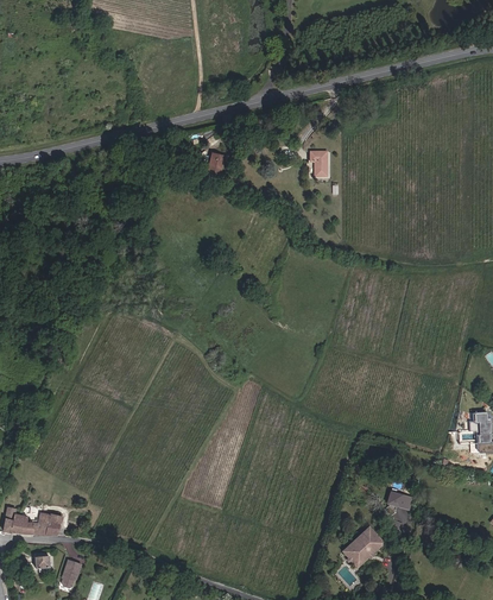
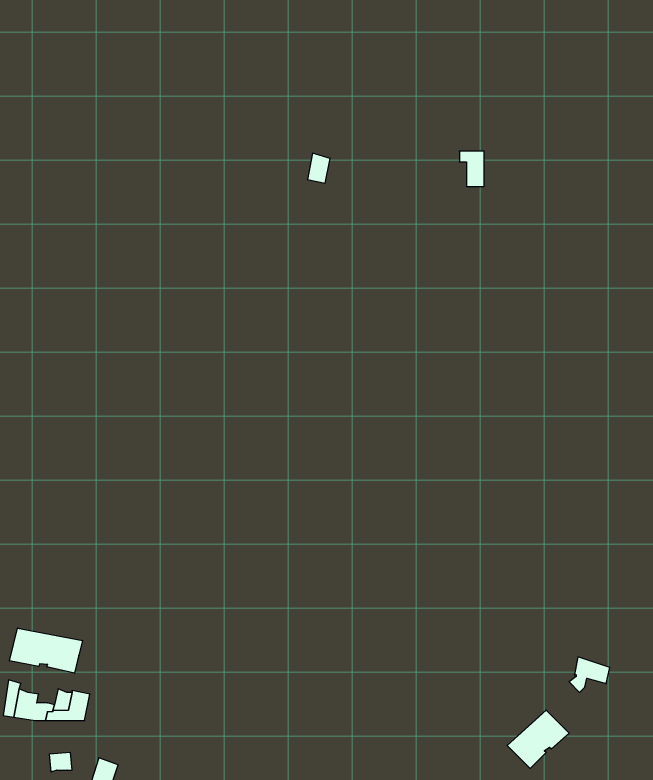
building: none -> [10,628,83,673]

